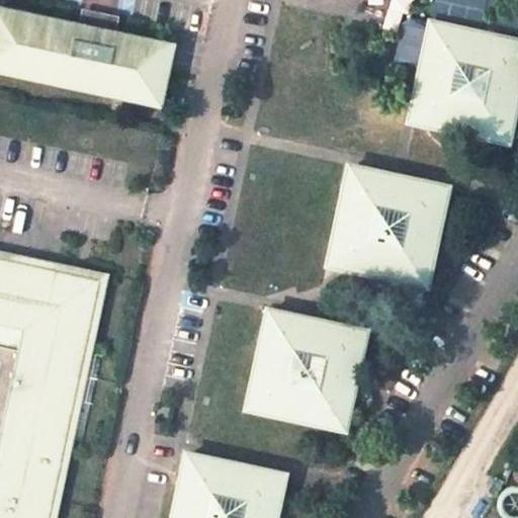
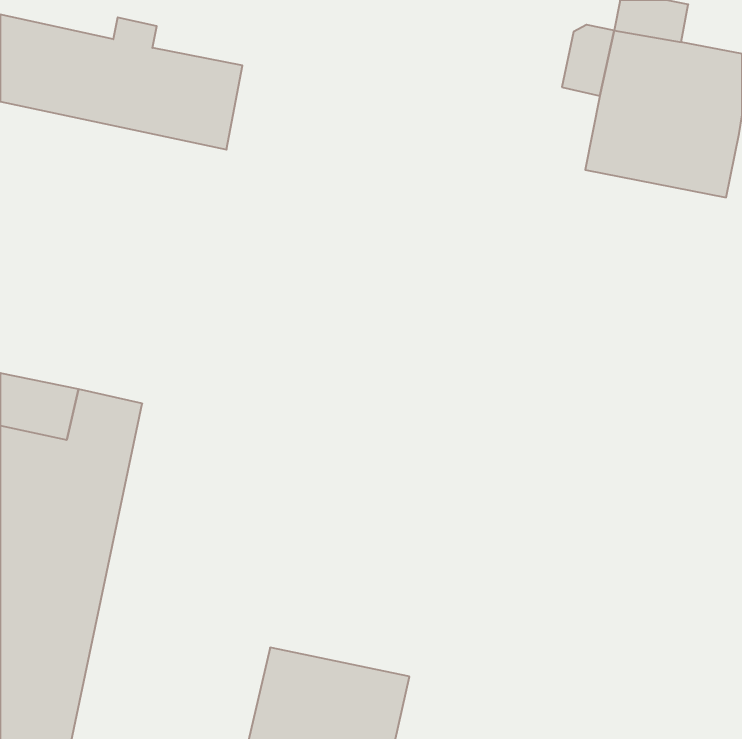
building: [327,165,448,284] -> none
building: [248,310,365,428] -> none

